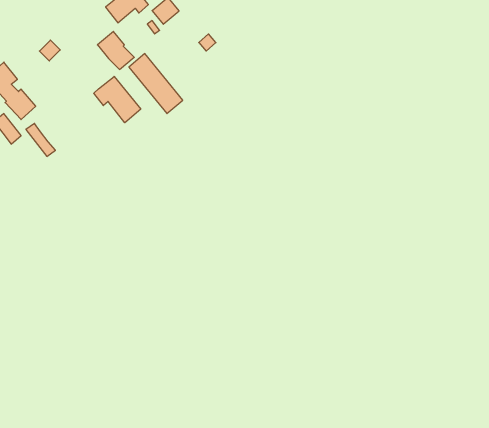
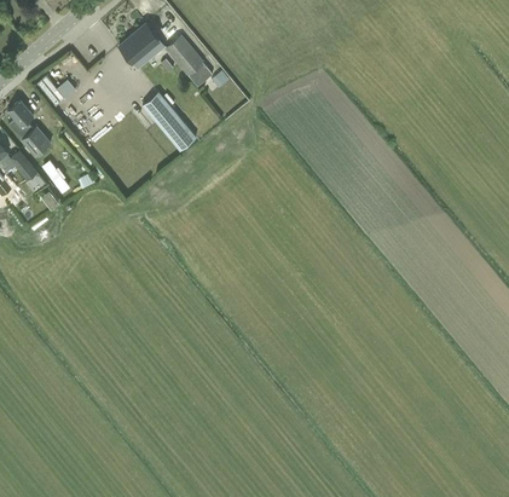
building: [97,31,134,69] -> [177,50,213,87]
building: [94,76,141,123] -> none

